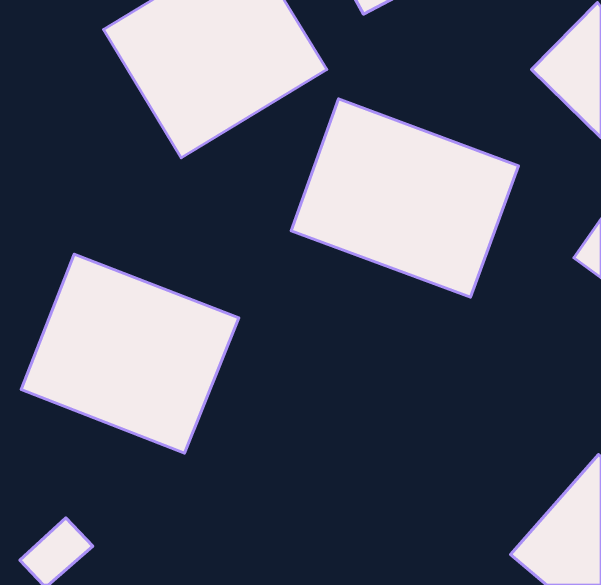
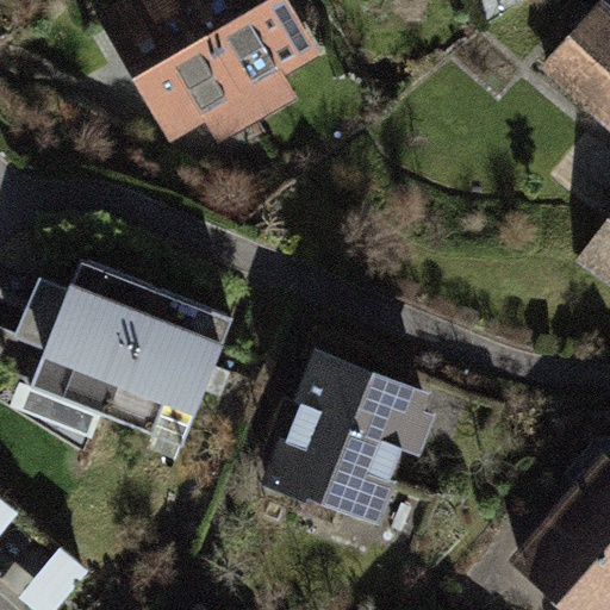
building: [291,99,519,297] -> none
building: none -> [262,346,467,543]

